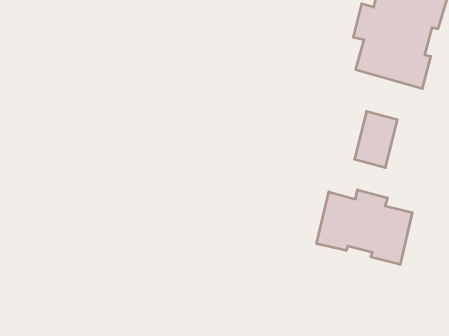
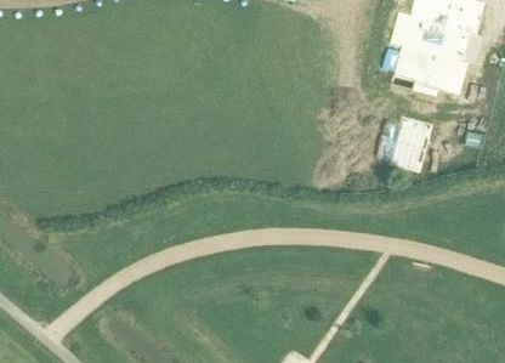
building: [317,190,412,265] -> none

